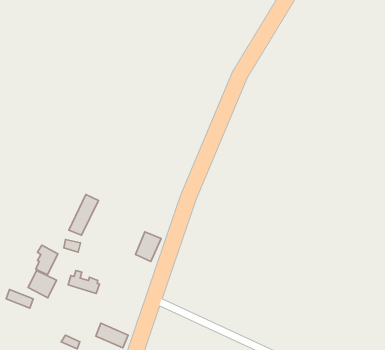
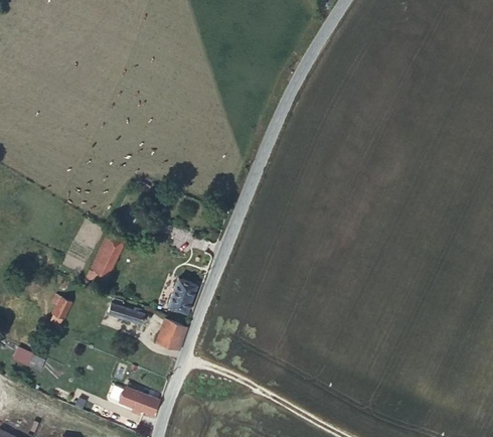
building: none -> [156,321,187,352]
building: [68,270,100,293] -> [108,298,145,325]
building: [28,271,57,298] -> none

